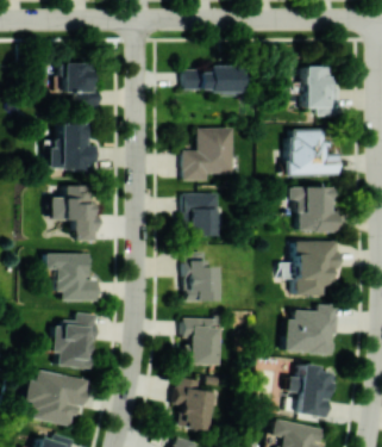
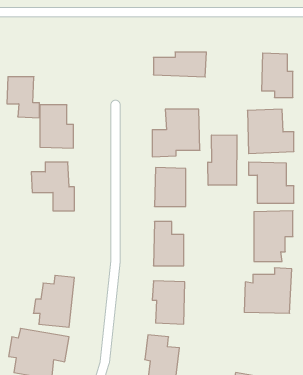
building: [62,62,98,107] -> [7,77,39,118]
building: none -> [208,135,237,185]
building: [45,253,98,300] -> none
building: [288,364,331,416] -> none

